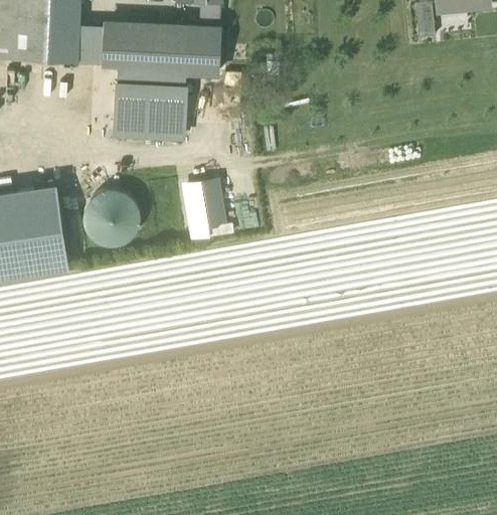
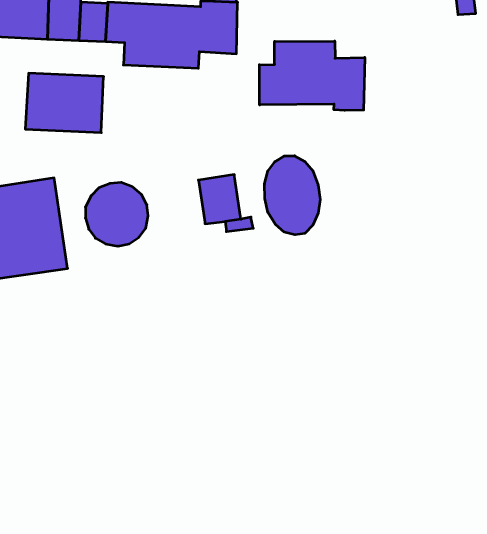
building: none -> [259,41,365,110]
building: [115,83,185,137] -> [25,73,104,133]
building: none -> [265,156,320,235]

